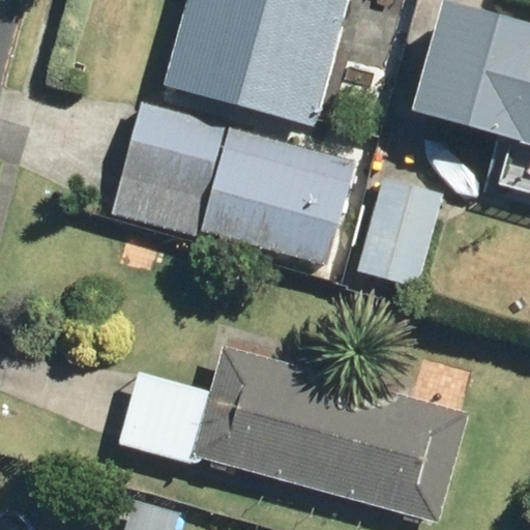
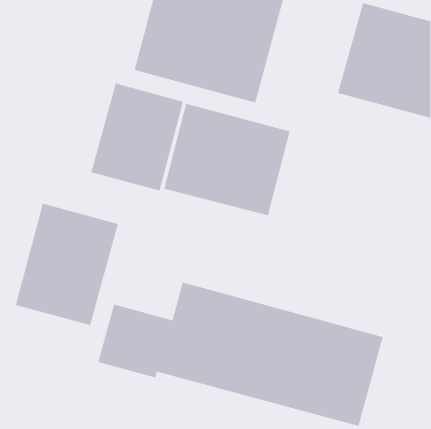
building: [357,177,441,286] -> none
building: none -> [15,203,118,326]

